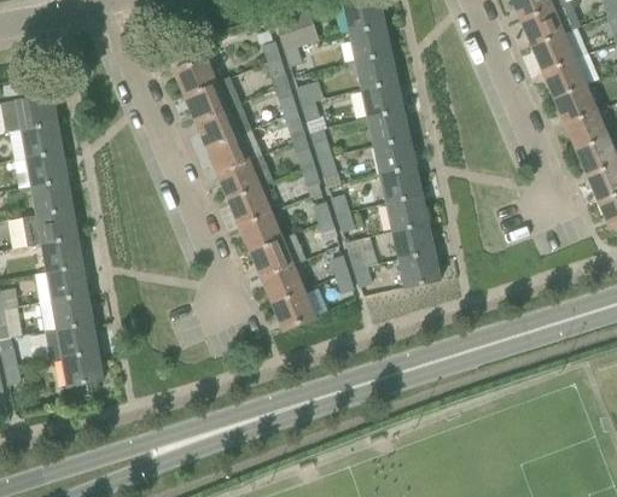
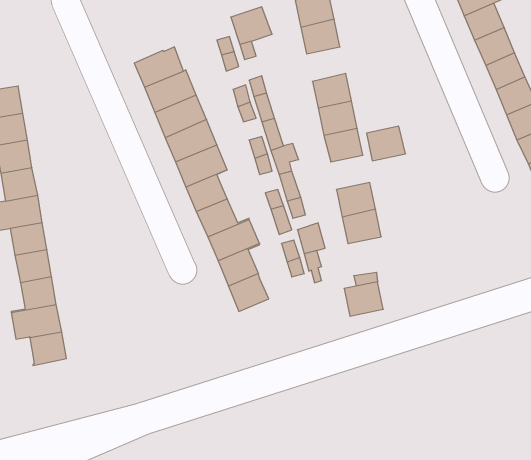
building: [355,53,396,89] -> none
building: [380,166,421,203] -> [367,126,406,161]
building: [398,252,440,288] -> [344,282,383,316]

